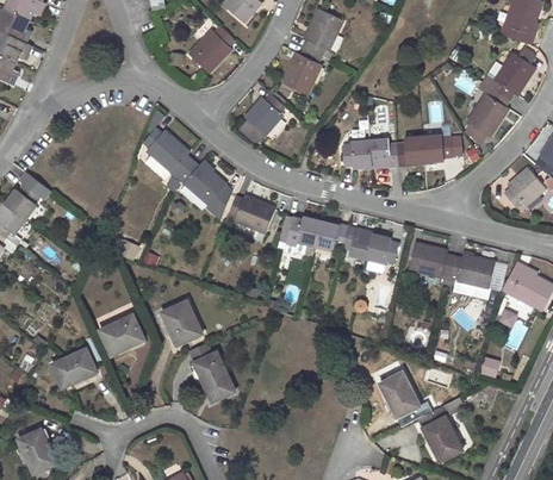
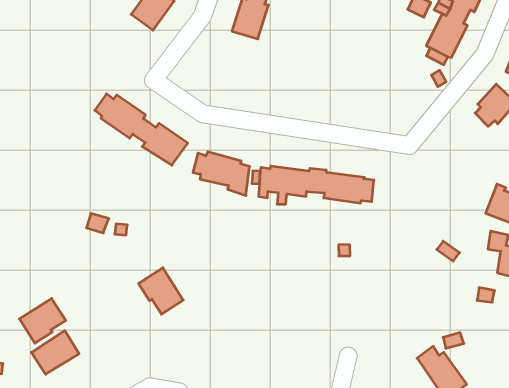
building: [244,93,285,135] -> none
building: [342,133,452,167] -> none
building: [409,243,496,288] -> none
building: [99,314,143,355] -> [19,298,66,343]
building: [189,344,236,401] -> none
building: [380,372,420,416] -> none

